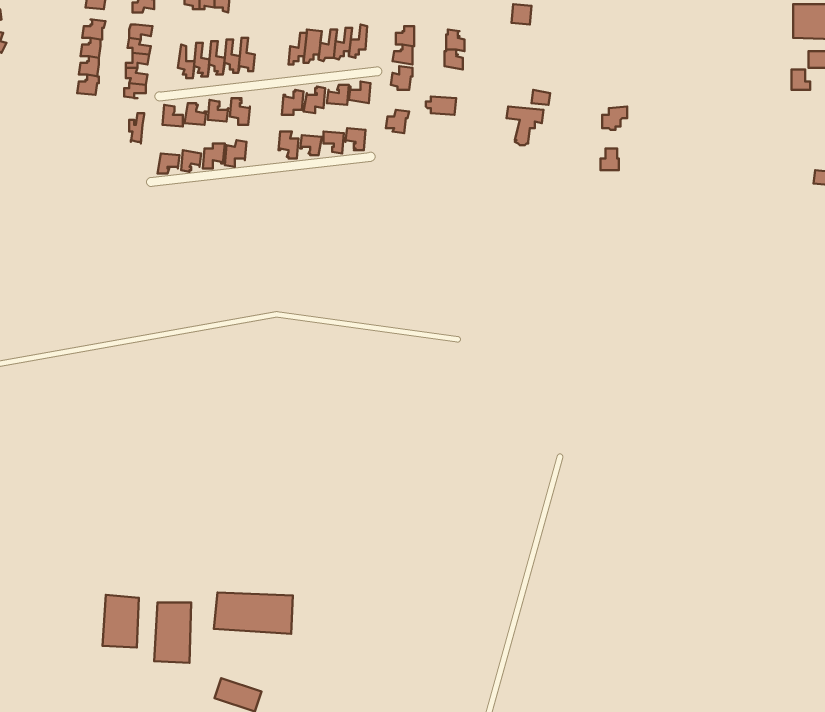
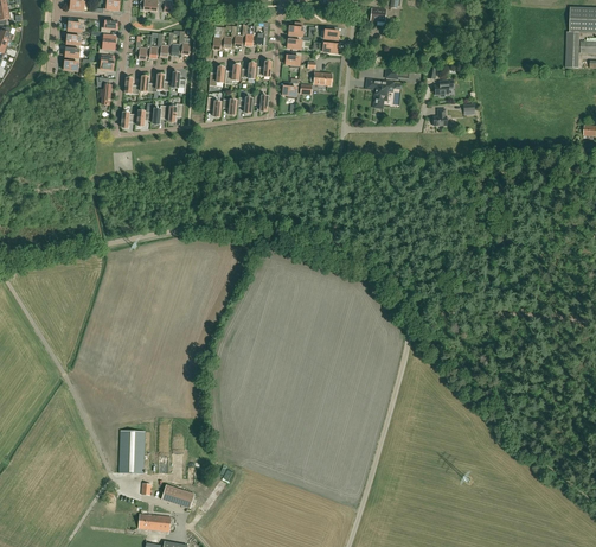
building: [214,593,293,634] -> none
building: [102,595,139,647] -> none

